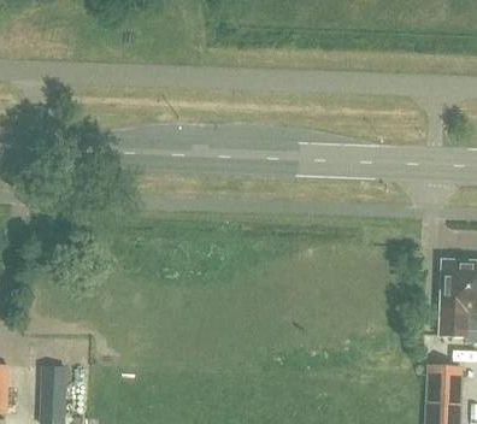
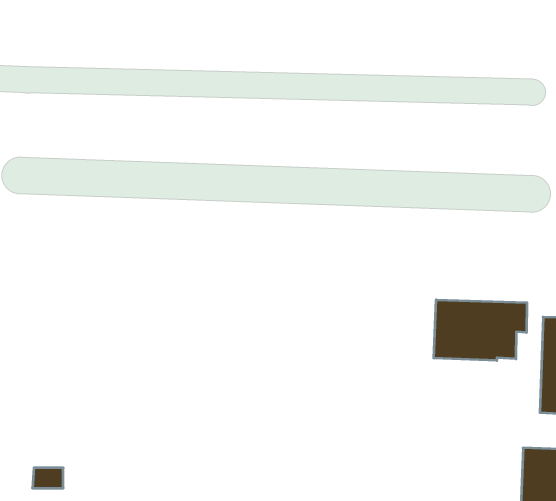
building: none -> [434,300,527,361]

